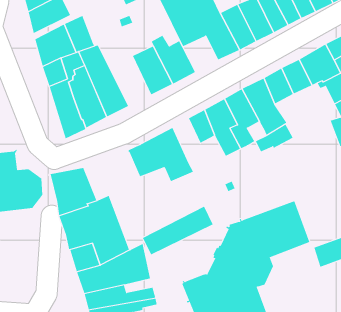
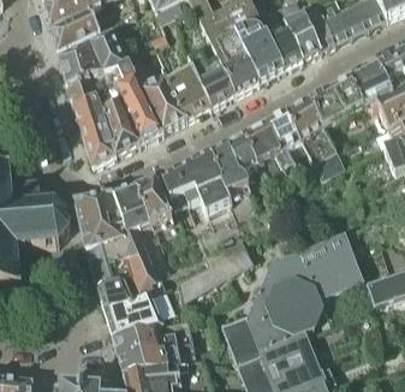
building: none -> [124,53,186,130]
building: none -> [221,53,260,93]
building: none -> [210,143,249,192]
building: none -> [113,182,172,233]

